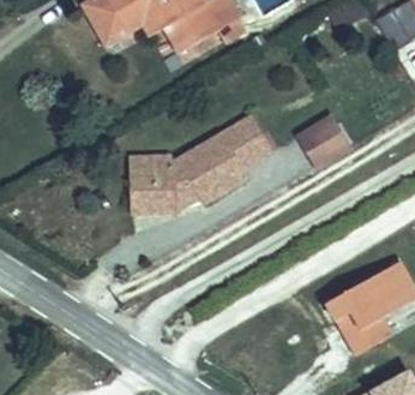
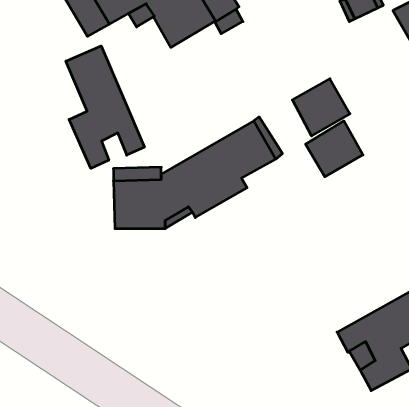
building: none -> [66,46,144,168]
building: none -> [292,79,350,136]

